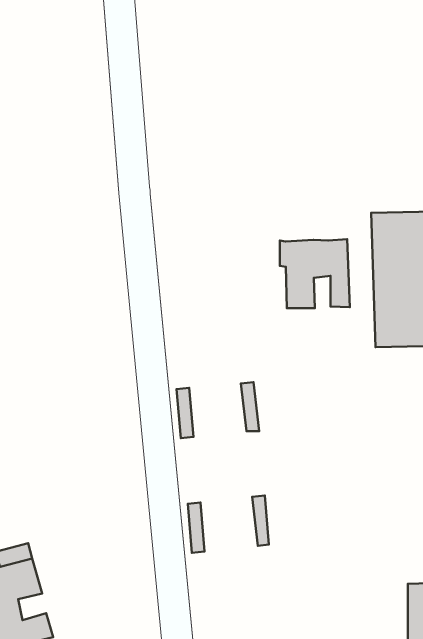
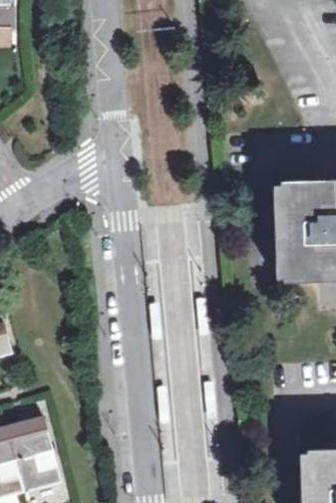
building: [280,239,350,308] -> none

